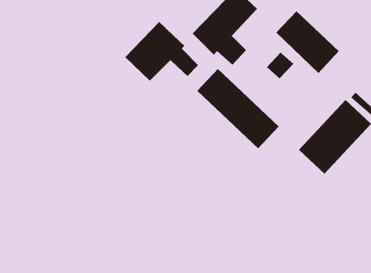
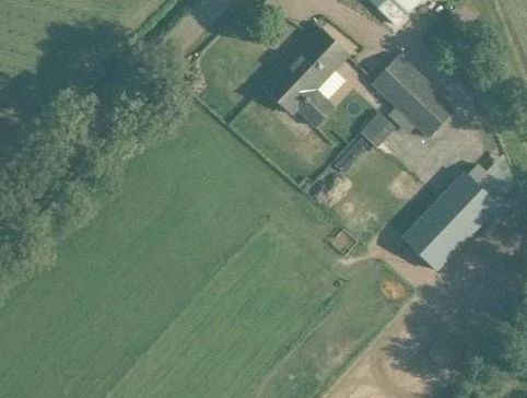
building: [125,21,199,81] -> none
building: [197,68,279,149] -> none

